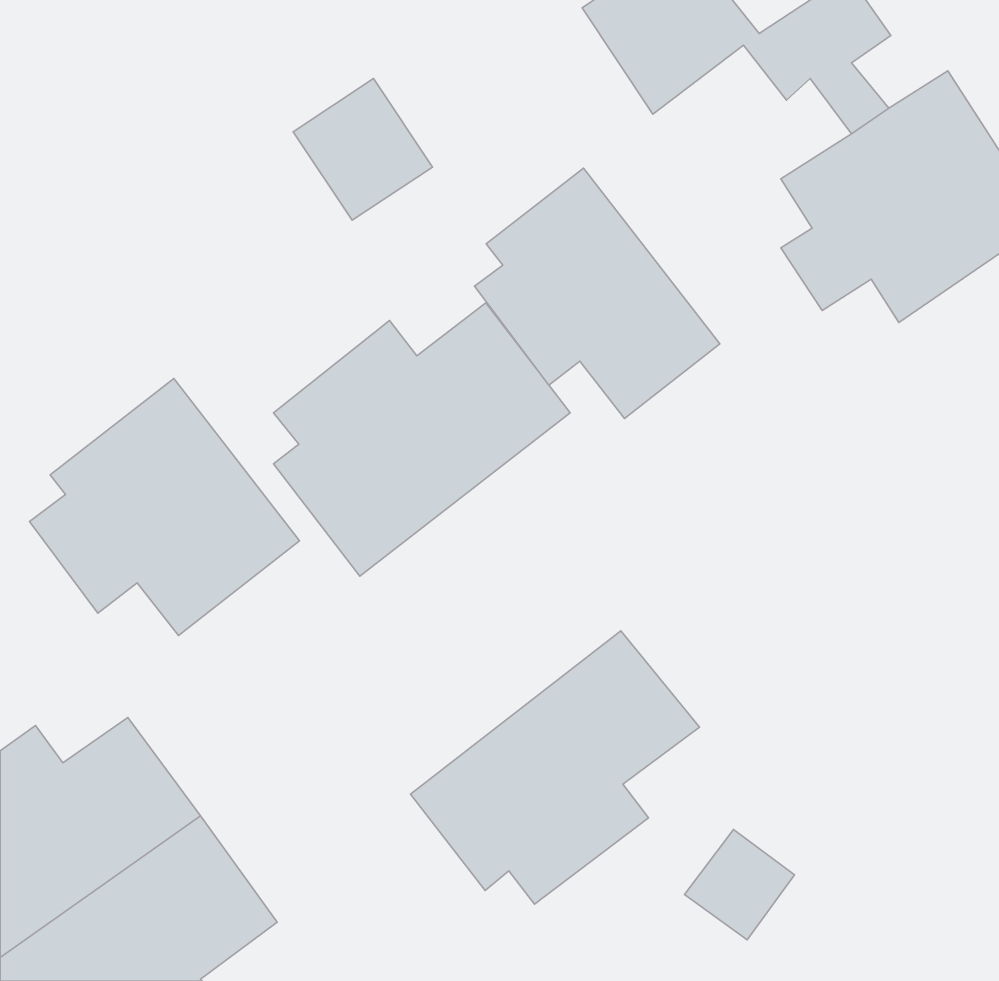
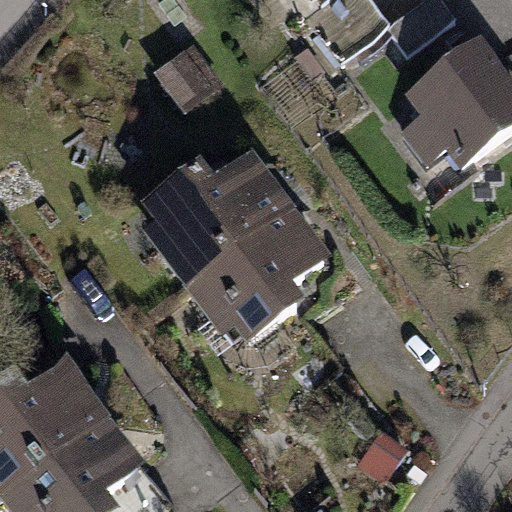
building: [474,168,720,418] -> none
building: [30,379,300,636] -> none
building: [411,631,700,904] -> [186,210,333,349]

